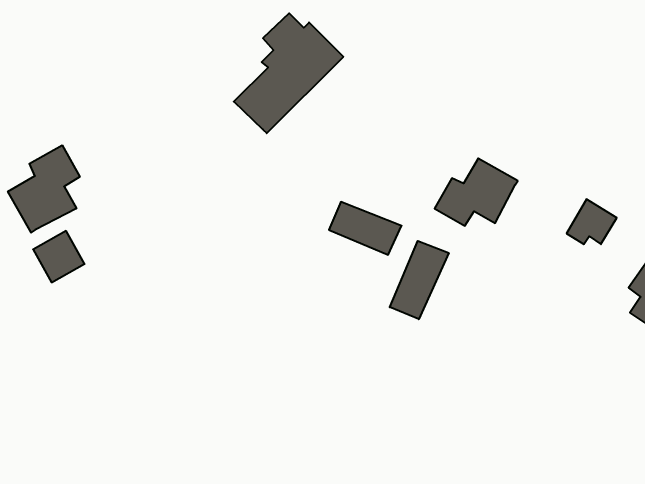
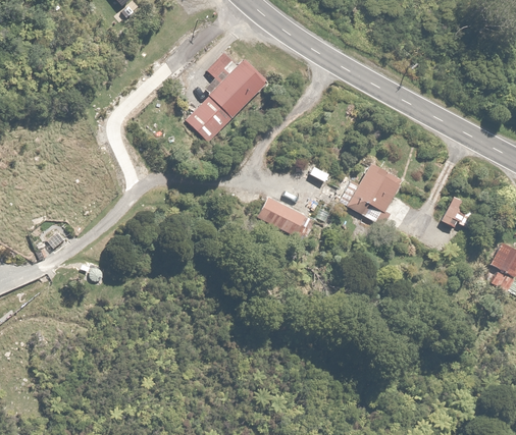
building: [8,145,80,233] -> none
building: [390,241,449,319] -> none

